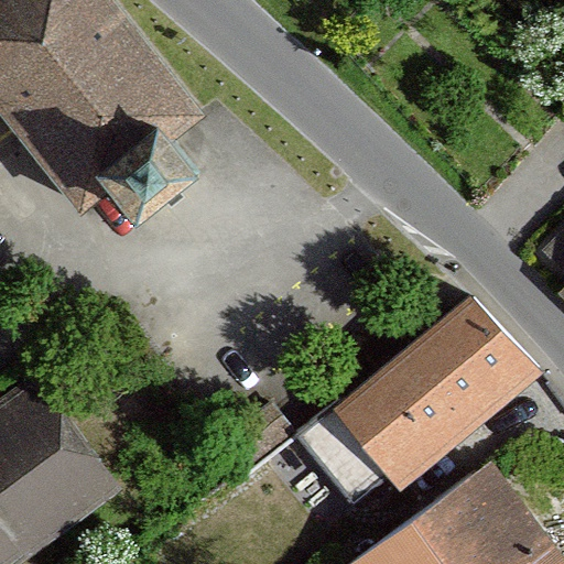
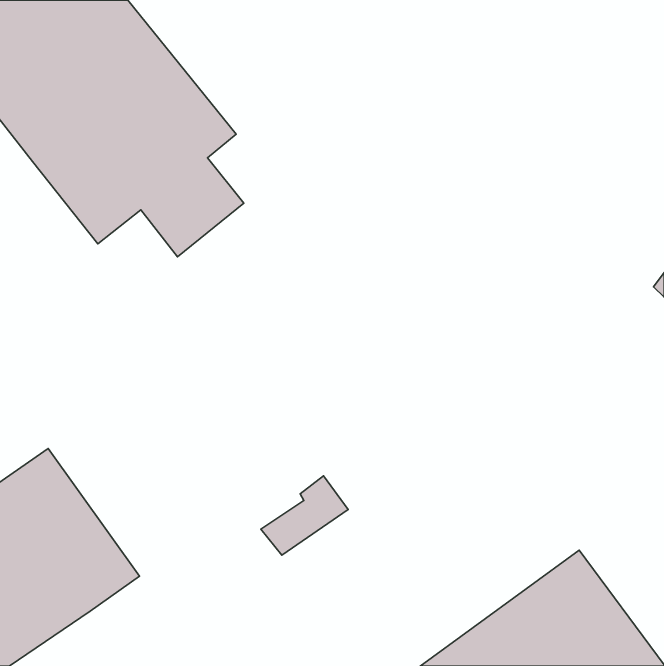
building: [300,304,529,512] -> none

